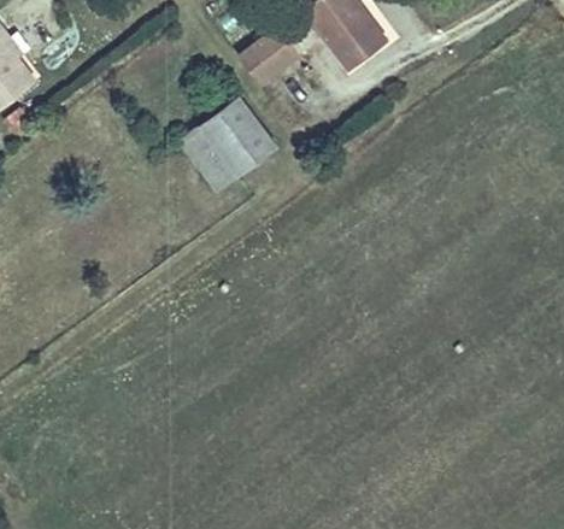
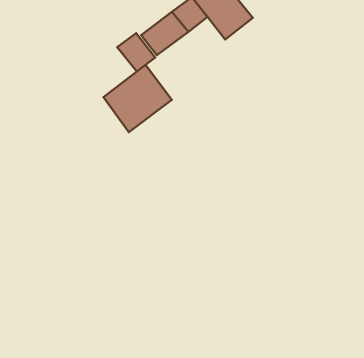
building: none -> [117,33,155,72]

